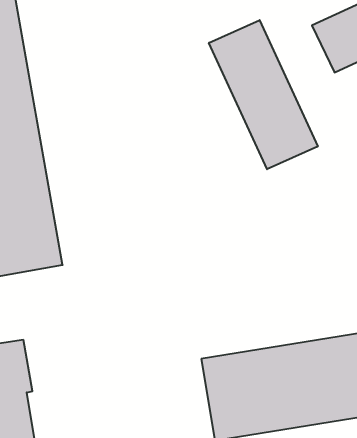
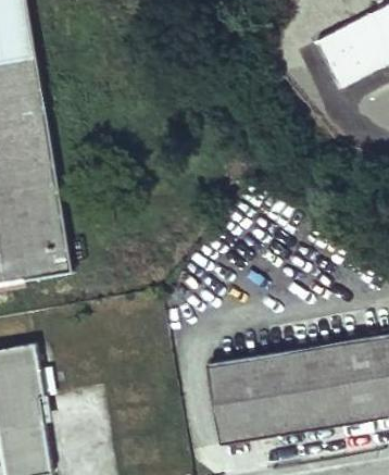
building: [209,20,318,169] -> none

